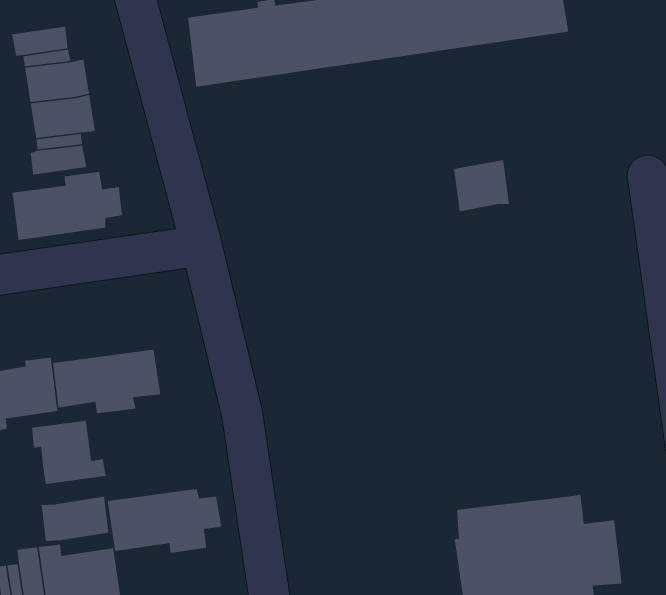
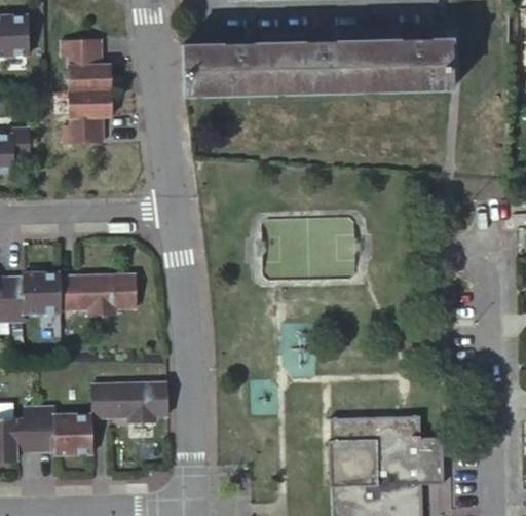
building: [453,159,510,212] -> none
building: [11,171,123,241] -> none
building: [31,420,106,485] -> none
building: [41,496,109,542] -> none

